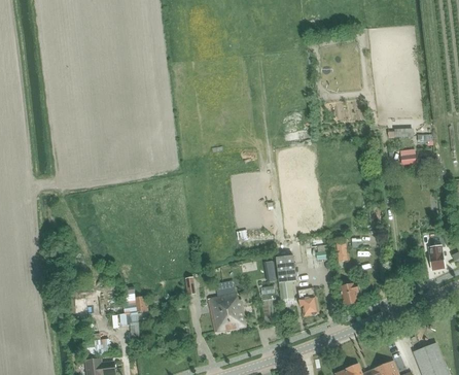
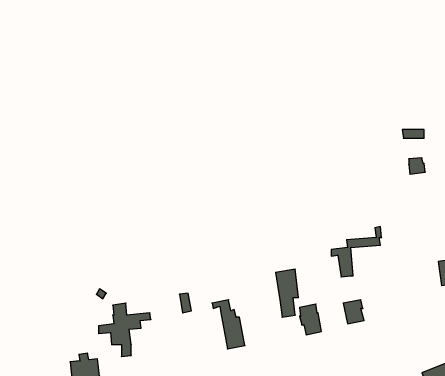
building: [207,291,230,334] -> none

